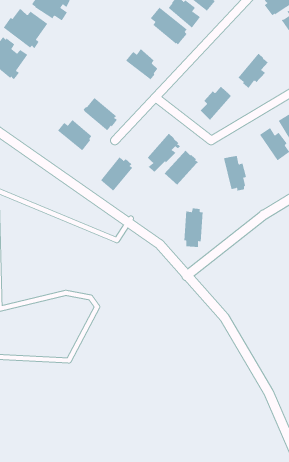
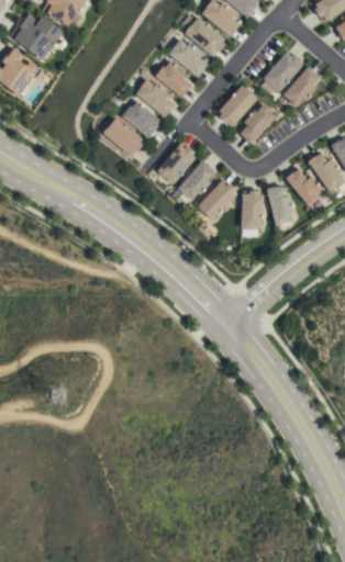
building: none -> [169,40,210,78]
building: none -> [261,49,304,94]
building: none -> [136,79,176,117]
building: none -> [219,85,258,127]
building: [57,119,92,151] -> [120,101,160,138]
building: none -> [286,168,322,206]
building: [100,157,133,191] -> [158,144,197,184]
building: [184,208,203,247] -> [241,190,264,236]

